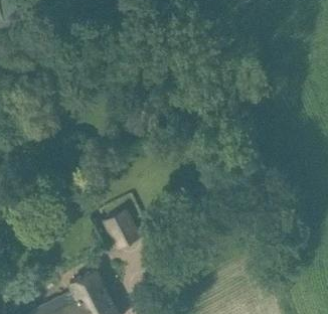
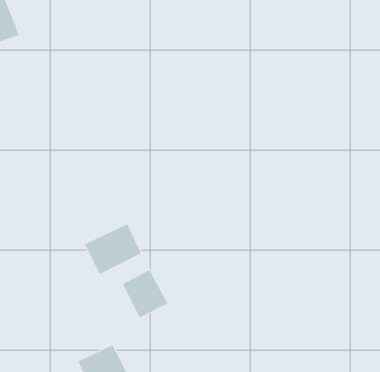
building: none -> [84,224,142,275]

